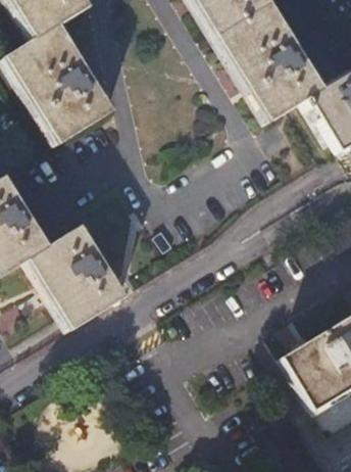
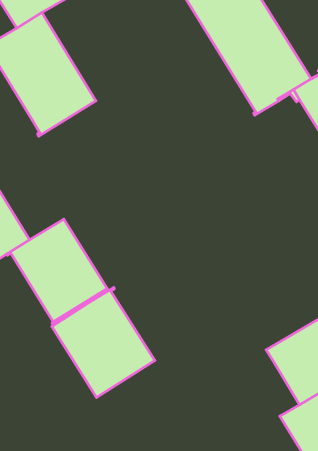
building: none -> [52,287,155,398]

